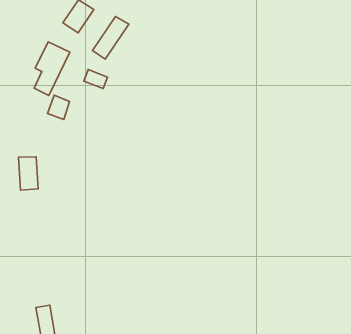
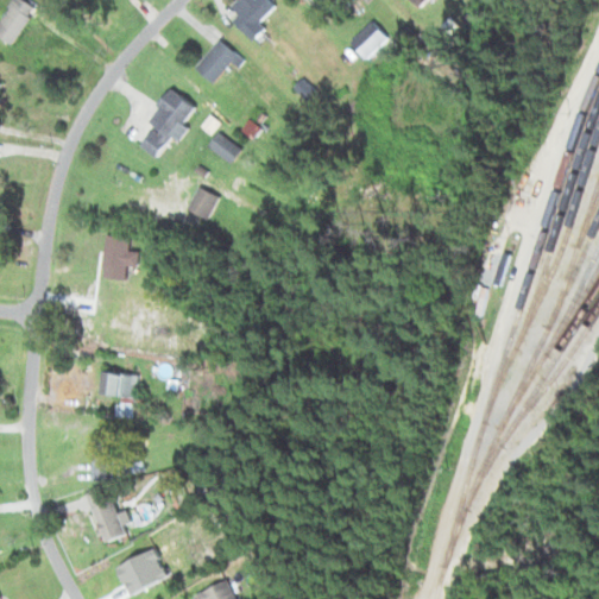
building: [93,16,129,59] -> none
building: [47,95,70,120] -> [187,185,219,220]
building: none -> [100,372,135,412]

